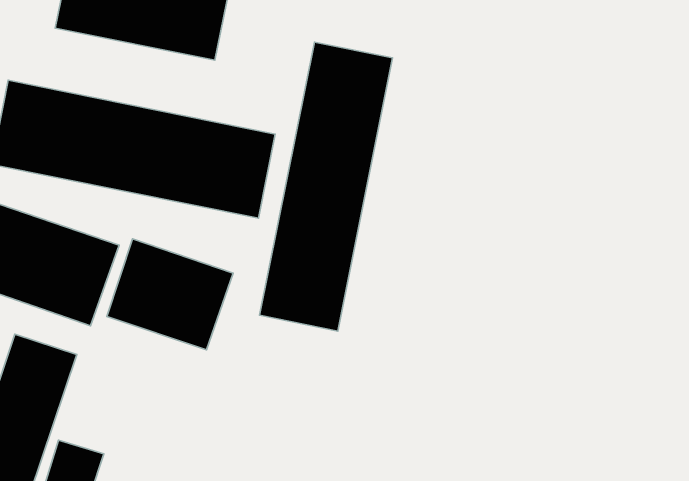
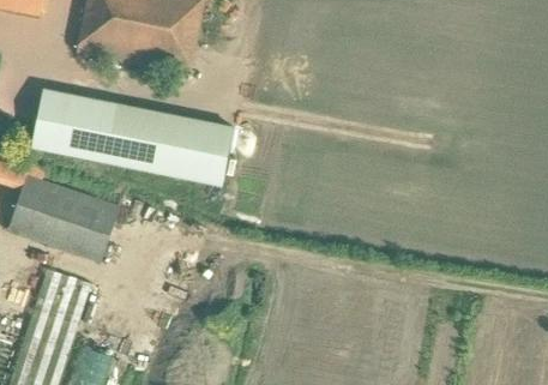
building: [260,42,393,331] -> none
building: [107,239,233,350] -> none

